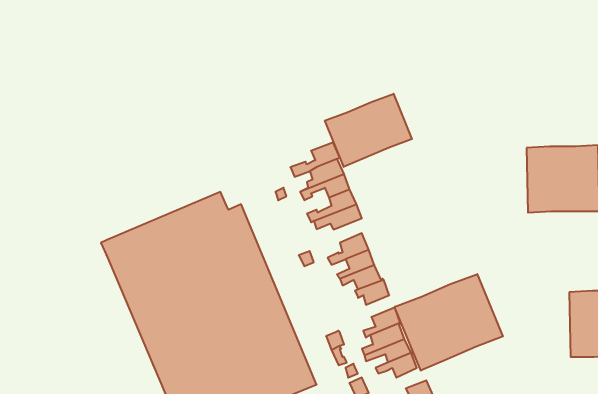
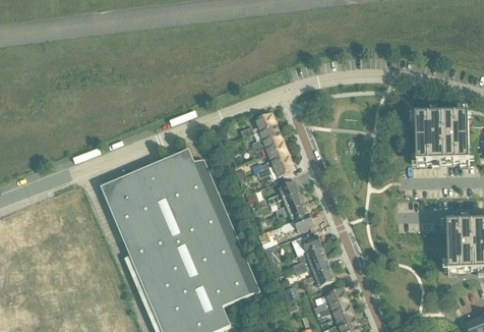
building: [325,94,412,167] -> none
building: [395,274,503,371] -> none

